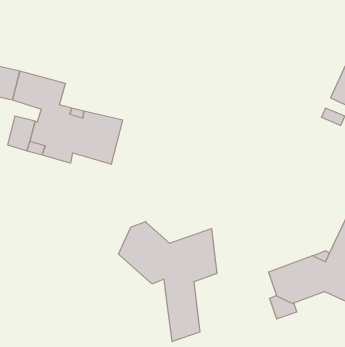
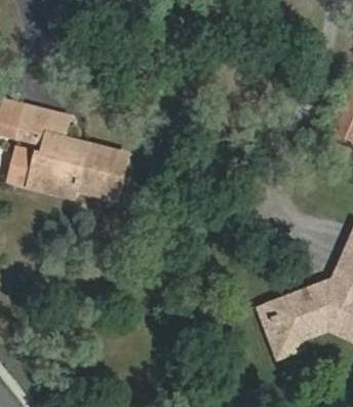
building: [119,222,217,342] -> none

